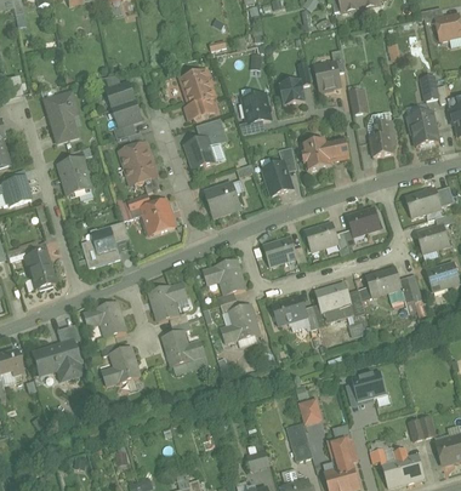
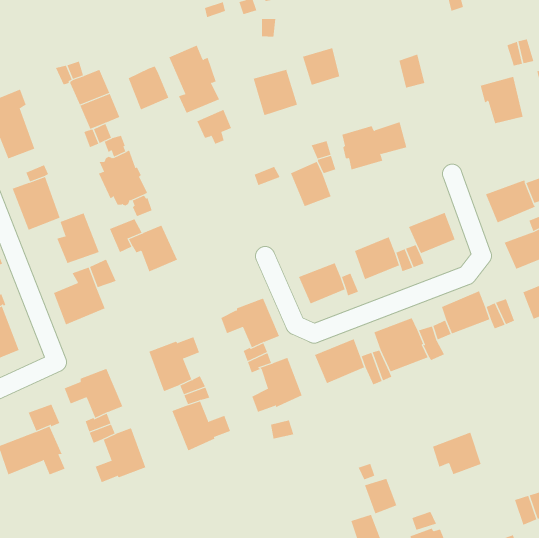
building: [313,59,341,92] -> none
building: [369,112,395,155] -> none
building: [186,137,215,169] -> [128,66,169,110]
building: [204,181,240,216] -> none
building: none -> [57,213,99,264]

